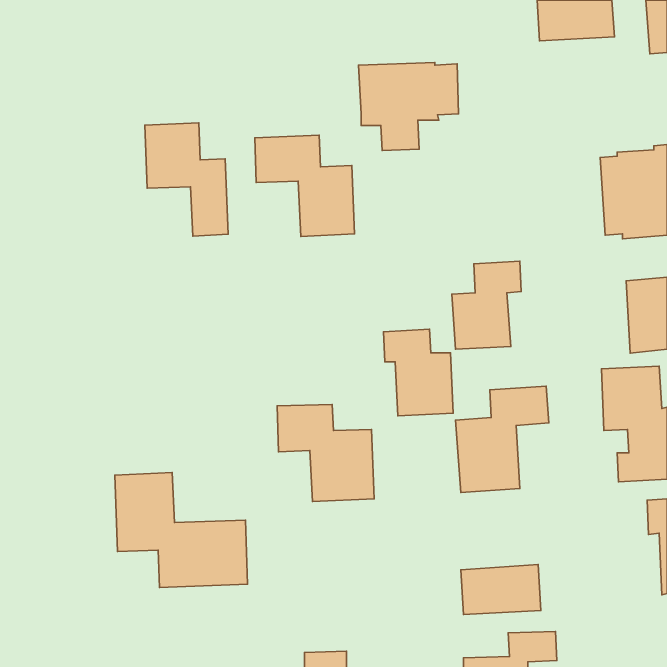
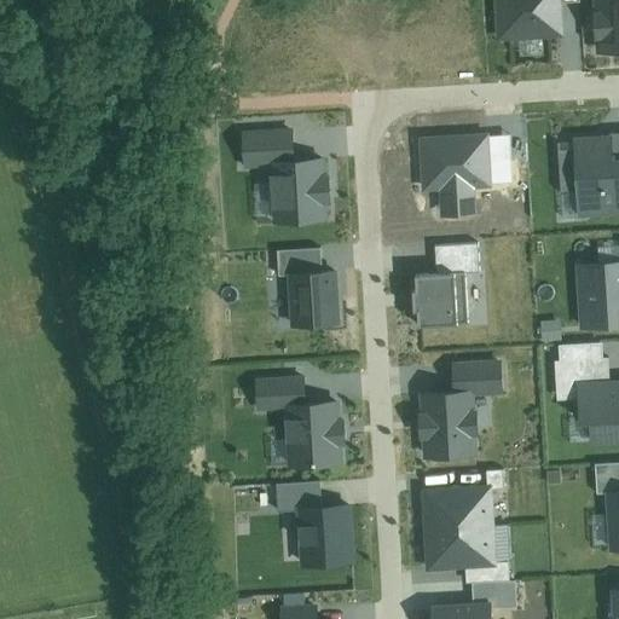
building: [359,62,458,150] -> [415,139,507,220]
building: [145,123,228,236] -> none
building: [383,329,453,416] -> [278,247,342,326]
building: [115,472,247,588] -> none
building: none -> [276,480,357,566]
building: none -> [422,484,496,528]

